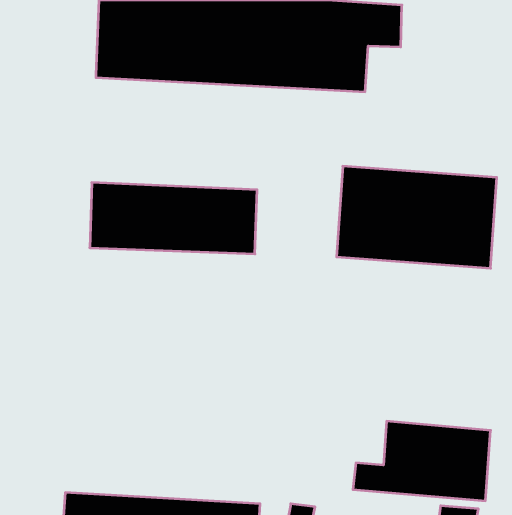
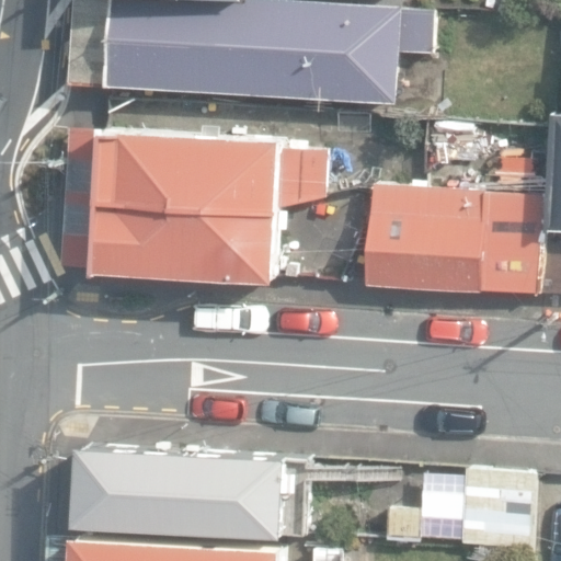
building: none -> [99,135,322,210]
building: none -> [73,447,306,540]

